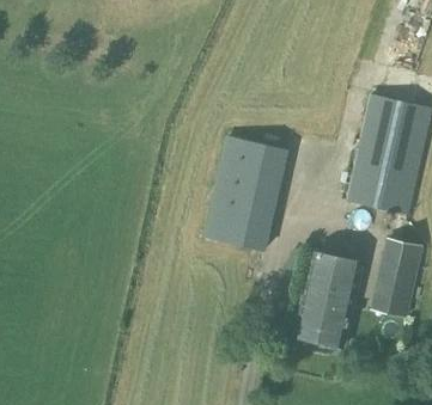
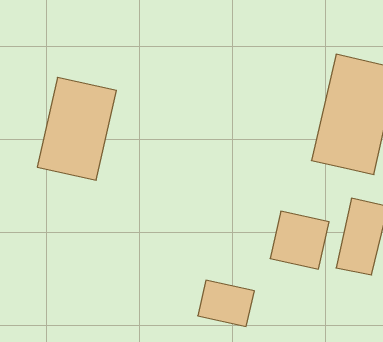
building: [206,143,286,247] -> [37,77,116,180]
building: [296,299,353,345] -> [198,280,254,326]

